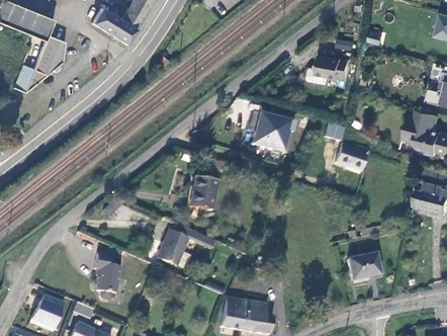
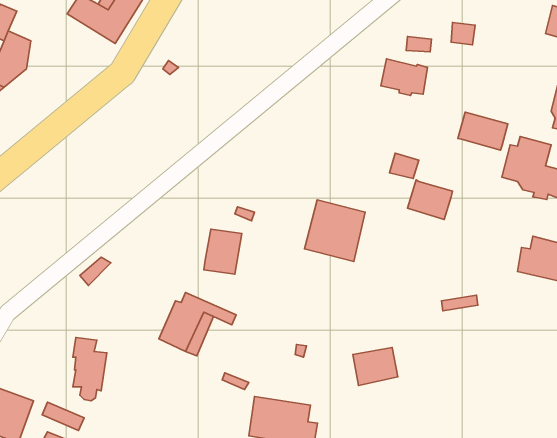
building: none -> [458,112,508,150]
building: [249,108,292,153] -> [305,200,365,262]
building: [347,253,379,280] -> [353,347,398,385]

